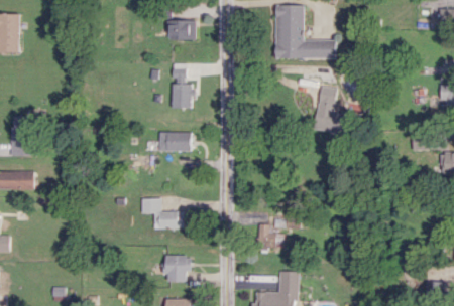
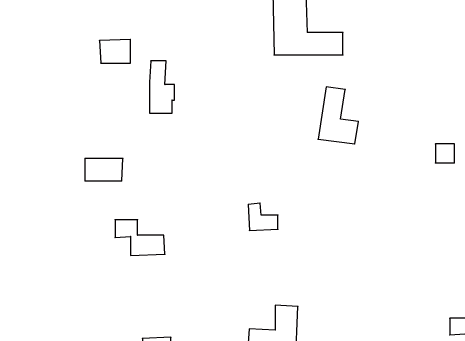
building: [168,19,195,39] -> [99,39,130,63]
building: [158,132,191,151] -> [85,158,123,181]
building: [257,223,282,247] -> [248,203,278,230]
building: [165,255,190,282] -> none

